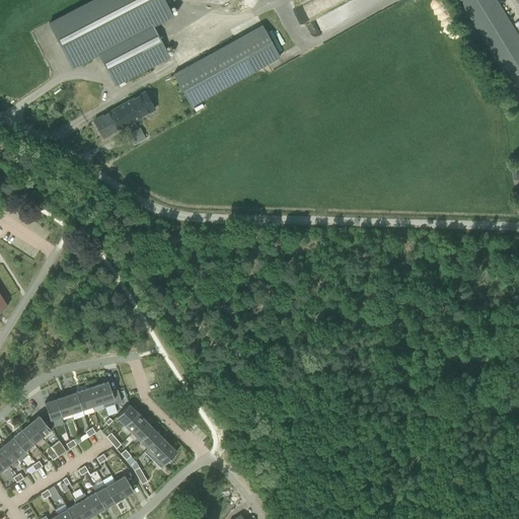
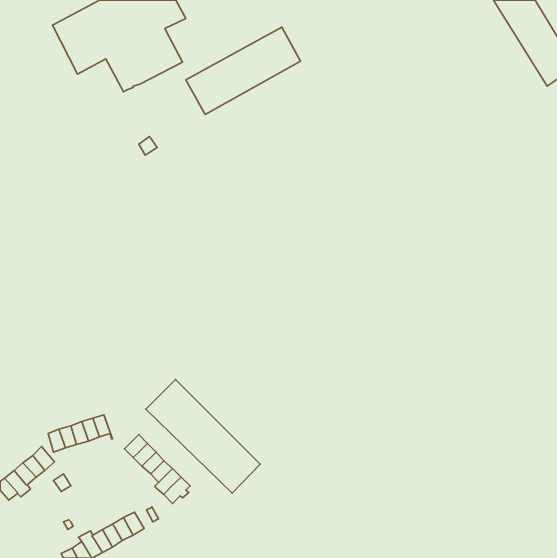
building: [94,91,155,137] -> none
building: none -> [146,380,260,493]
building: [97,381,122,407] -> none

